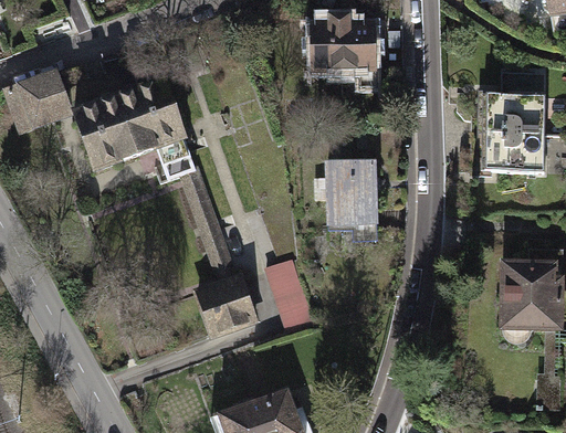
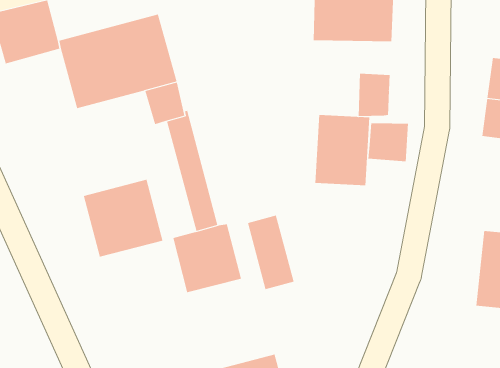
building: none -> [358,73,390,117]
building: none -> [368,122,408,162]
building: none -> [83,179,163,258]

